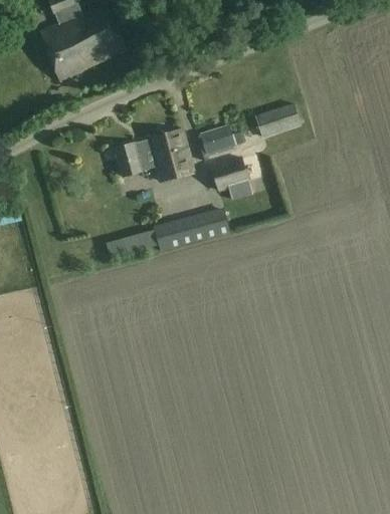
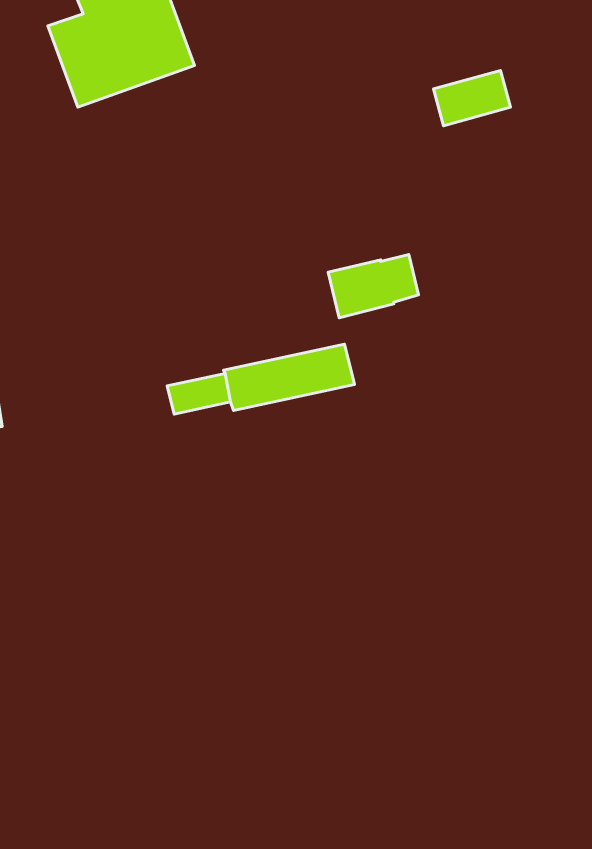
building: [255,104,301,139] -> [434,70,510,126]
building: [200,123,236,156] -> none
building: [115,131,192,182] -> none

